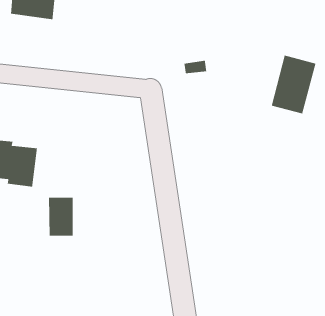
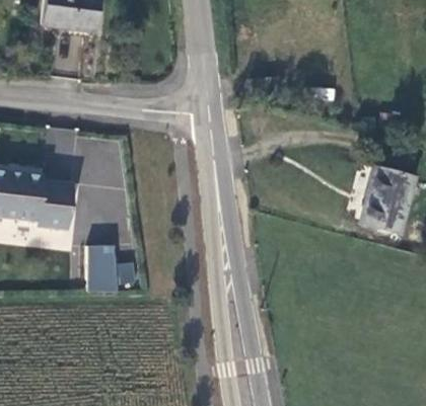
building: [271,55,316,115] -> [359,165,414,237]

